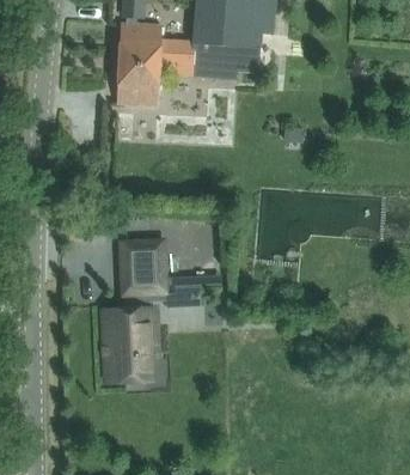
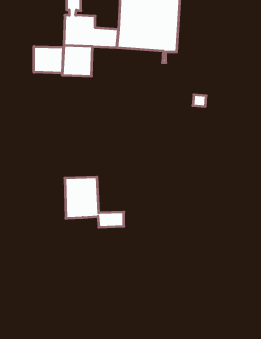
building: none -> [34,46,63,73]
building: [103,294,155,382] -> none

